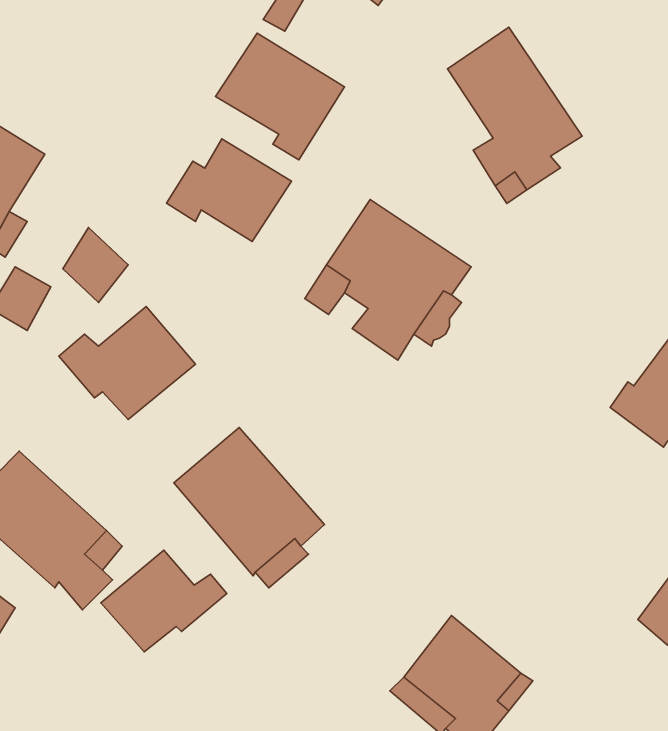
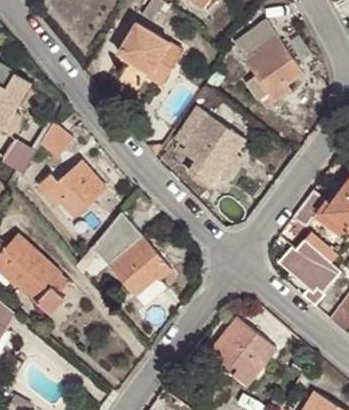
building: [167,139,291,242] -> none
building: none -> [282,230,340,305]
building: [101,550,227,652] -> none

